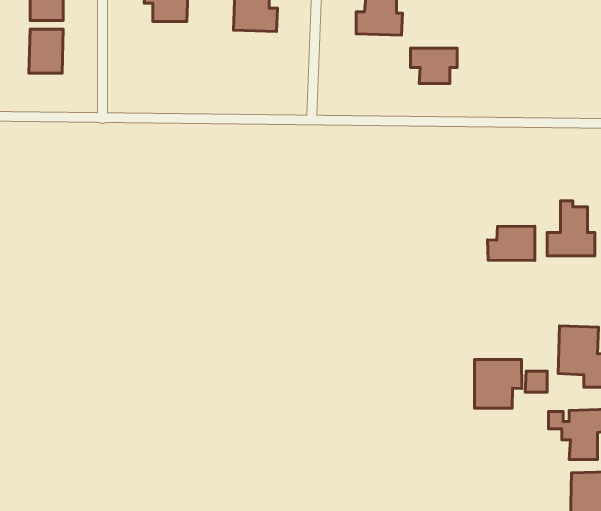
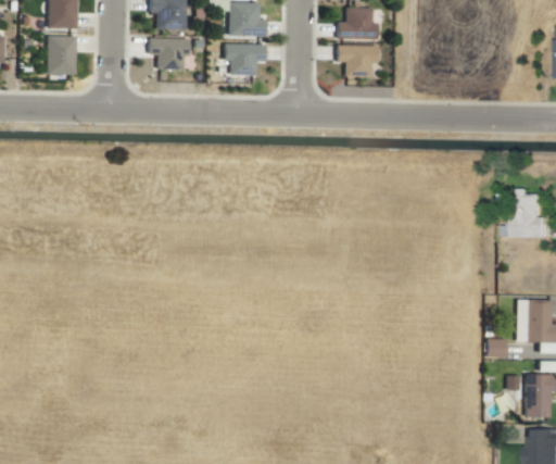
building: none -> [149,37,189,68]
building: none -> [225,43,266,76]
building: [410,48,457,84] -> [337,45,378,76]
building: [488,226,535,260] -> none
building: [475,359,522,408] -> none

